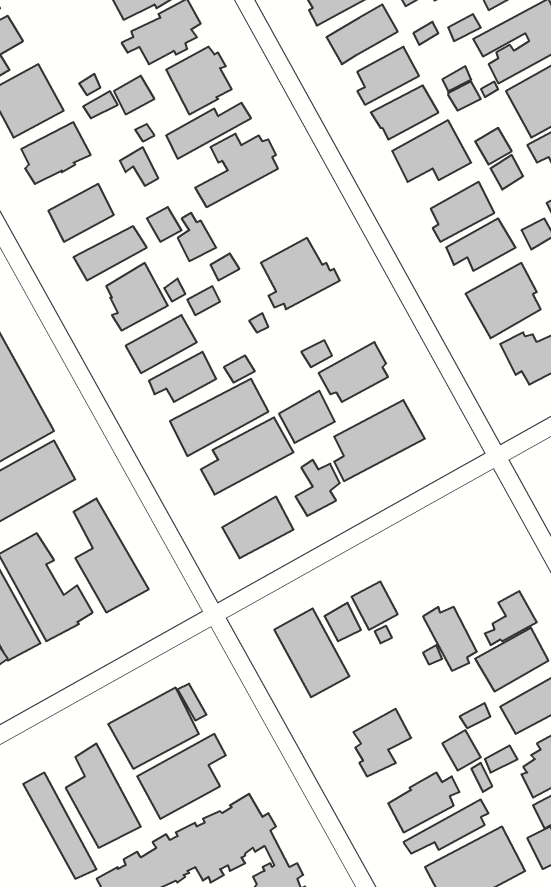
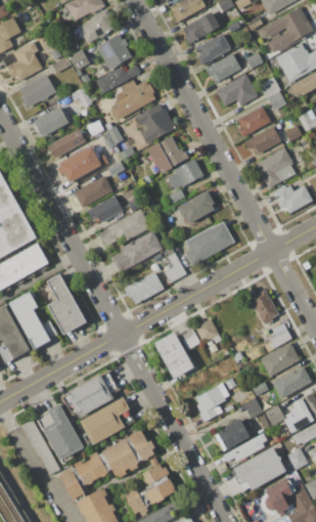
building: none -> [136,102,176,143]
building: [279,391,335,443] -> [173,159,202,186]
building: [423,607,477,671] -> [249,290,277,323]

